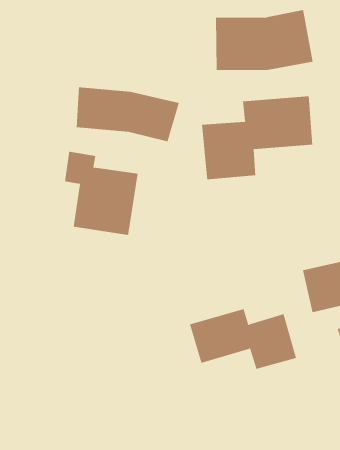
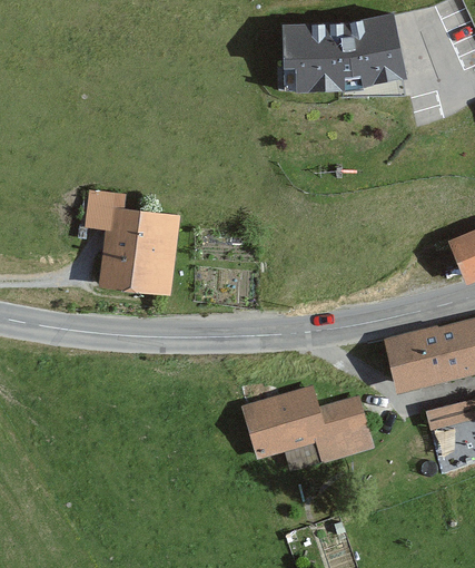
building: [76,87,179,142] -> none
building: [201,95,313,180] -> none

